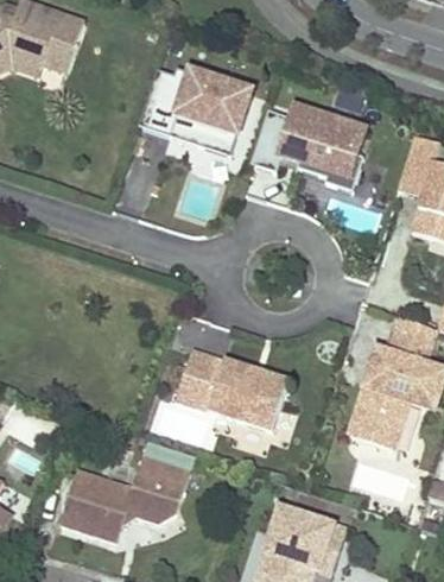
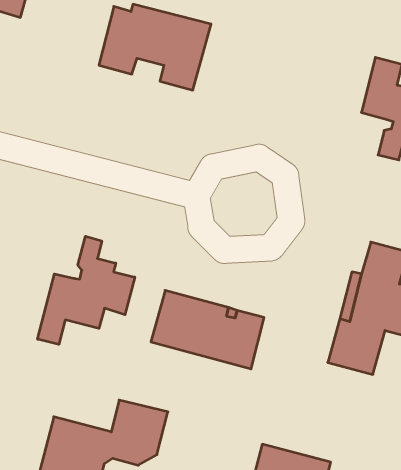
building: [252,107,366,190] -> none
building: none -> [38,236,135,344]

